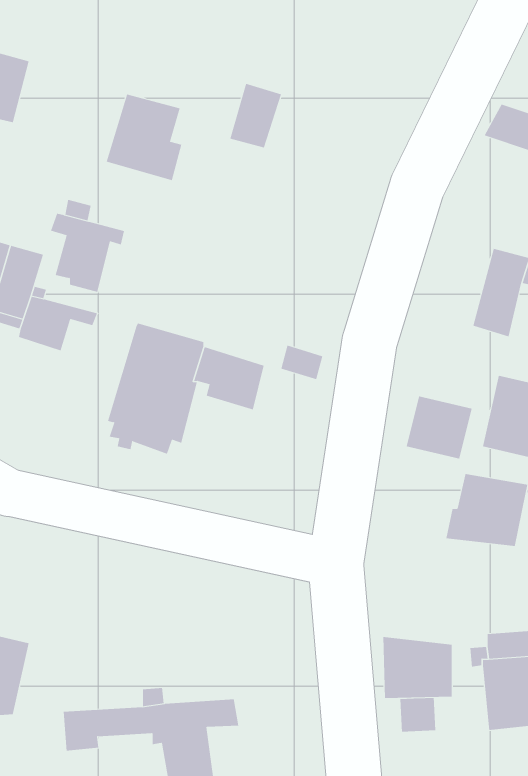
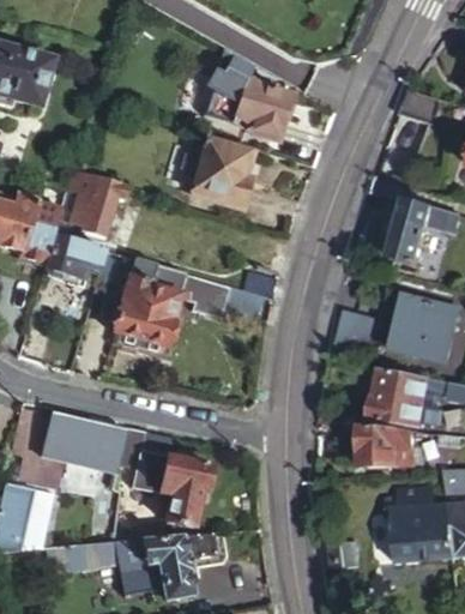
building: [106,94,182,181] -> [188,139,246,205]
building: none -> [230,82,294,137]
building: none -> [38,414,207,530]
building: [383,636,453,698] -> [361,421,413,468]

